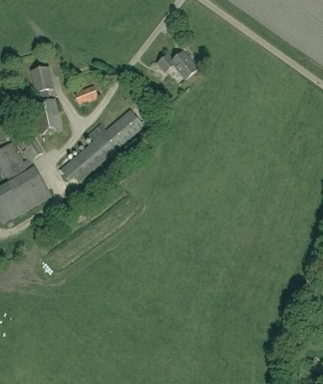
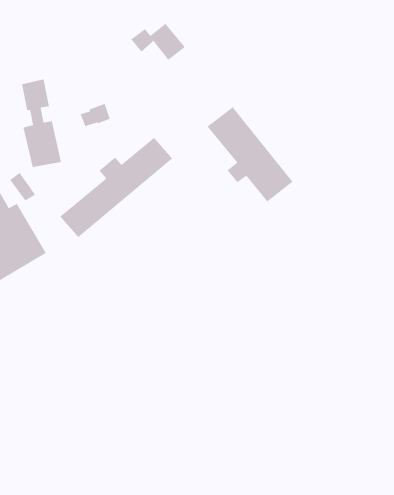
building: [156,51,198,79] -> [130,23,186,61]
building: none -> [206,106,294,202]

